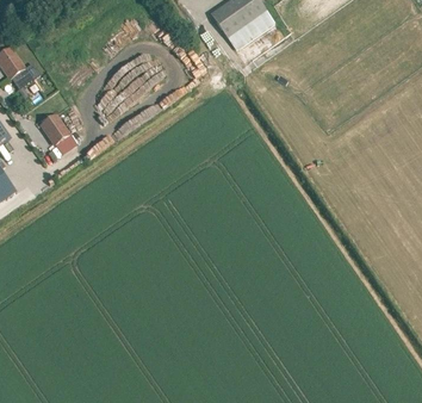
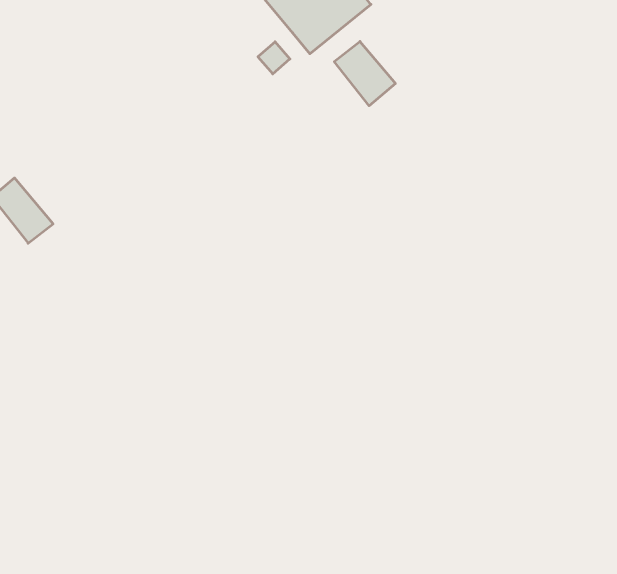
building: none -> [334,41,395,106]

